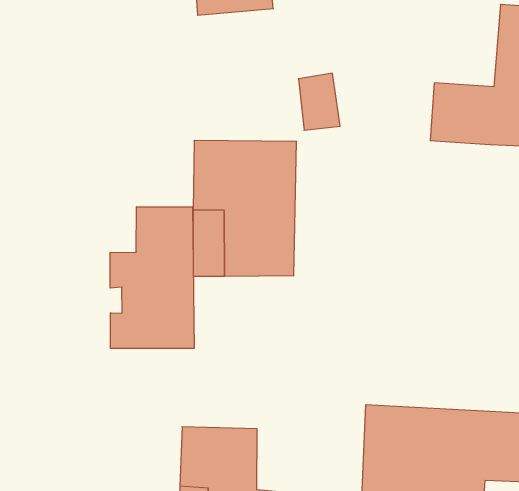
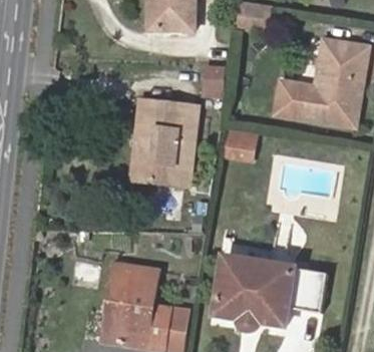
building: none -> [224,129,257,159]
building: [110,207,194,348] -> none

